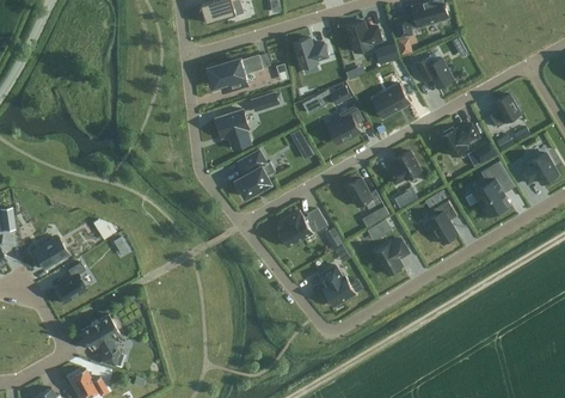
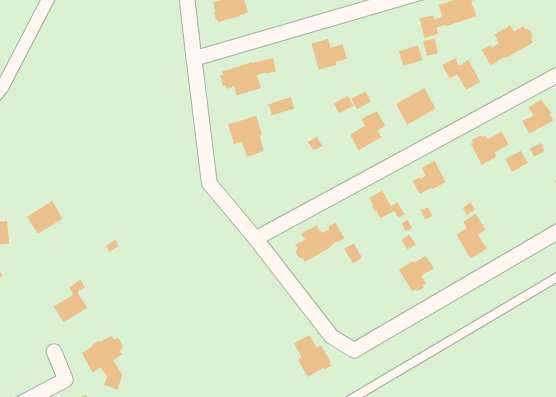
building: [346,20,381,51] -> none
building: none -> [481,24,534,66]
building: [235,149,275,196] -> none
building: [472,161,509,219] -> none
building: [32,235,67,268] -> [26,200,63,235]
building: [319,265,355,306] -> [293,334,332,378]

